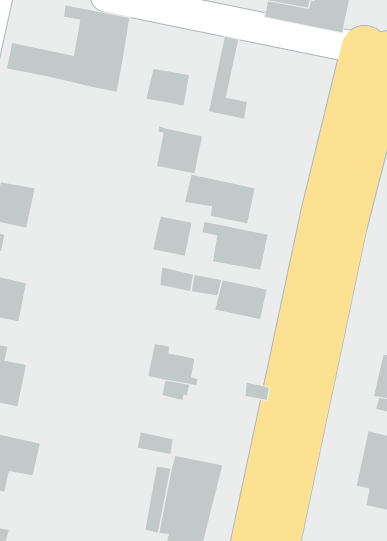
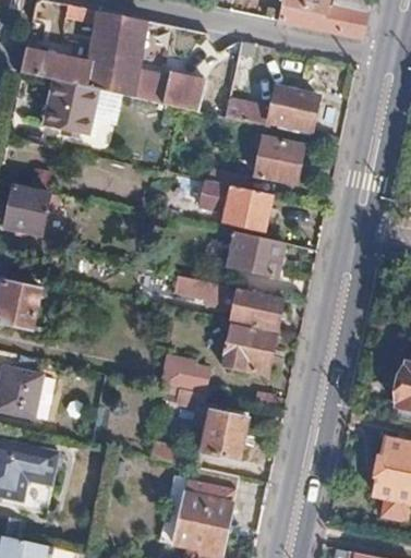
building: none -> [133,68,169,104]
building: none -> [53,82,110,137]
building: none -> [271,89,318,130]
building: [156,125,203,174] -> [257,134,304,183]
building: [152,216,192,257] -> none
building: none -> [222,317,278,373]
building: none -> [203,408,249,458]

